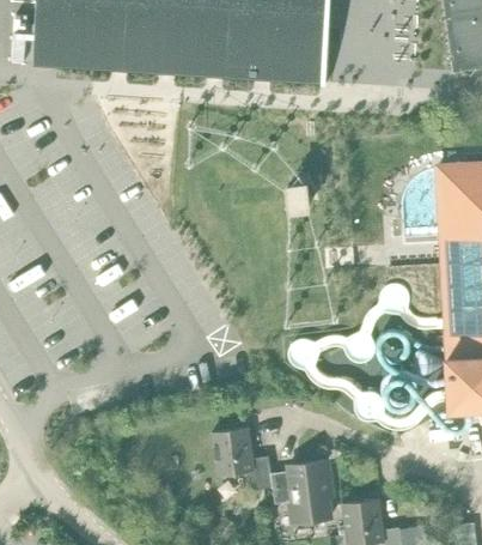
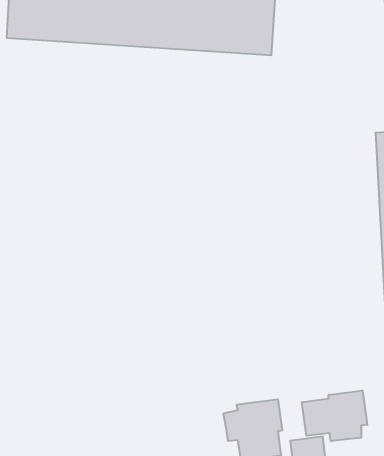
building: [211,425,273,489] -> none
building: none -> [302,390,367,441]

